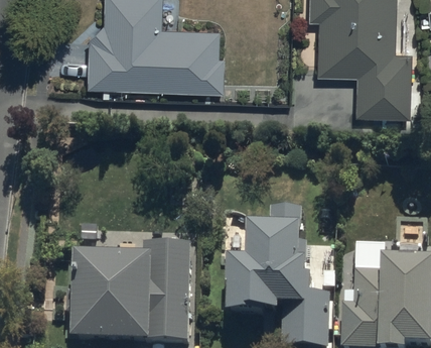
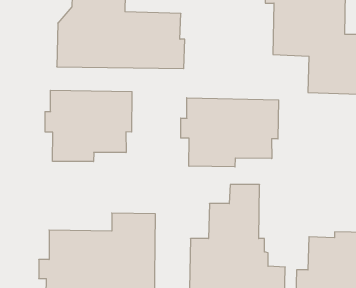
building: none -> [45,90,132,162]
building: none -> [181,98,279,167]

